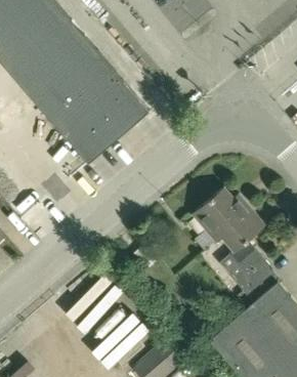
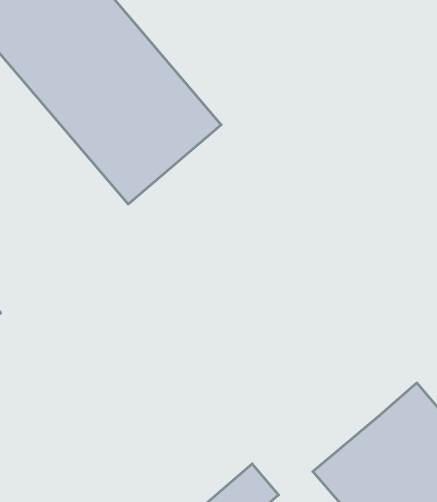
building: [192,187,269,303] -> none

